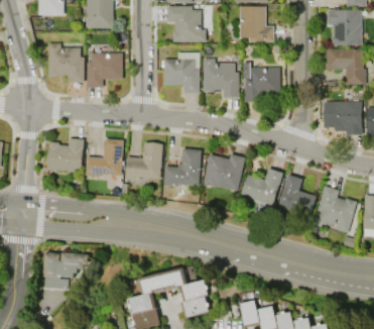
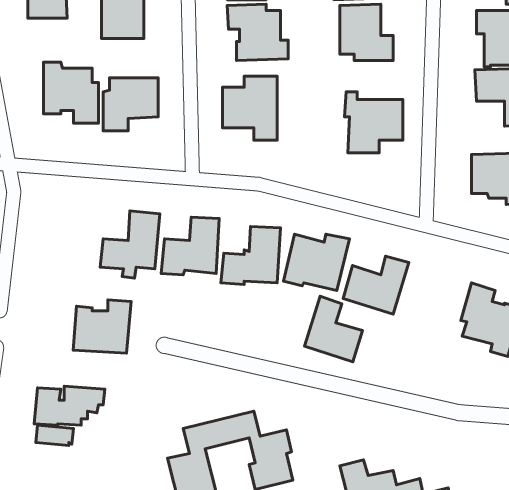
building: [203,58,238,96] -> none
building: [46,137,84,172] -> [73,300,131,353]
building: [278,174,316,216] -> [304,296,362,362]

